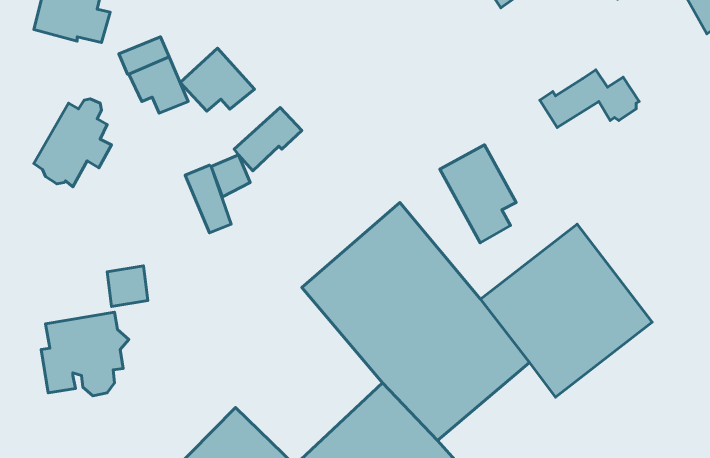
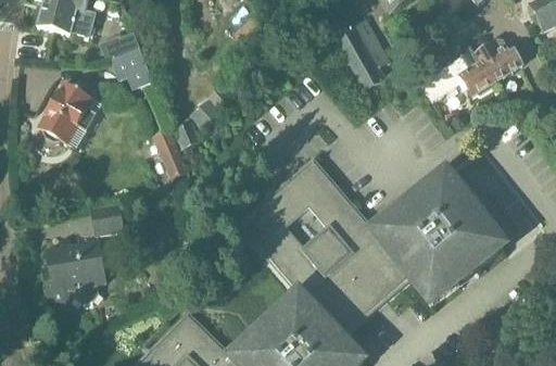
building: none -> [442,36,522,80]
building: [180,48,254,111] -> none
building: [440,145,516,243] -> [331,17,389,91]

